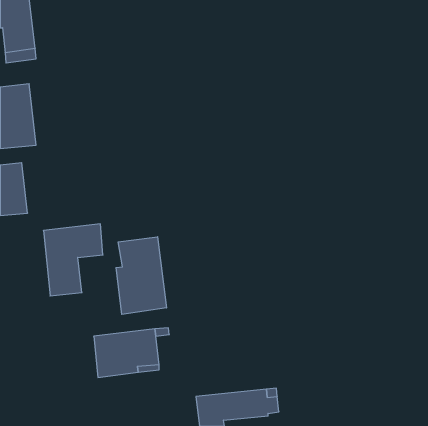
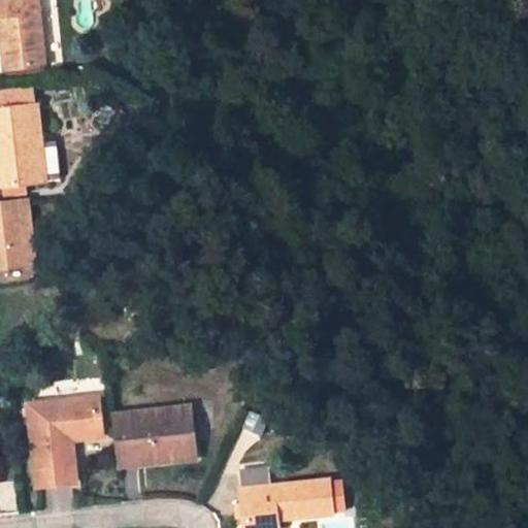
building: [43,224,103,296] -> [29,395,102,484]
building: [116,237,166,314] -> none

